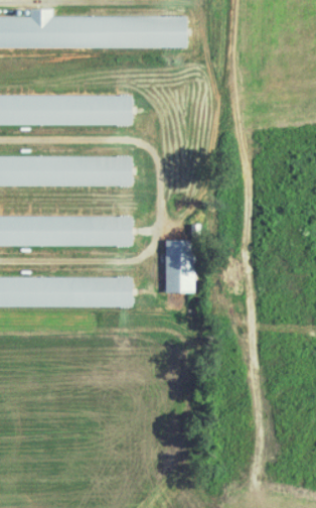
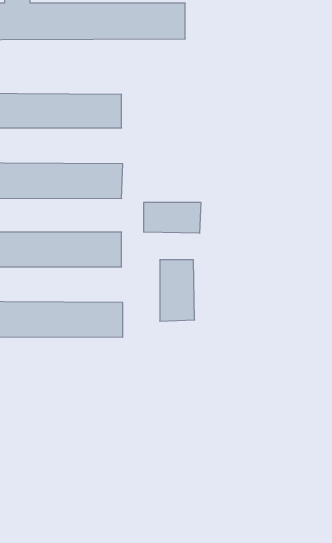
building: none -> [144,202,201,233]

